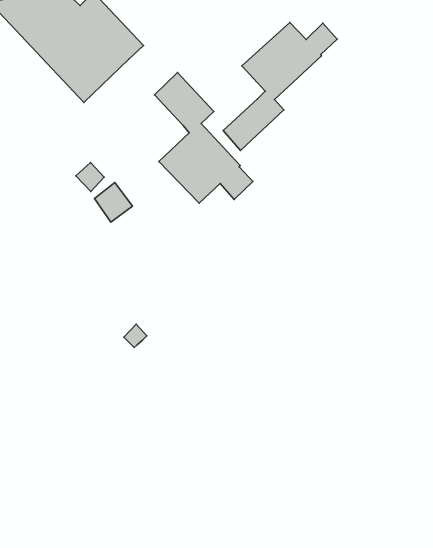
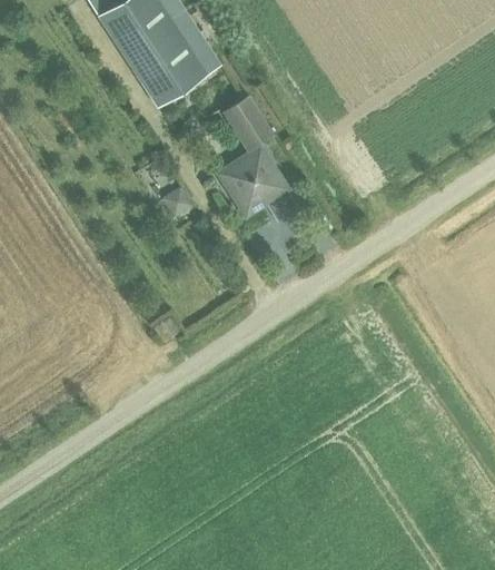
building: [223,22,337,150] -> none

